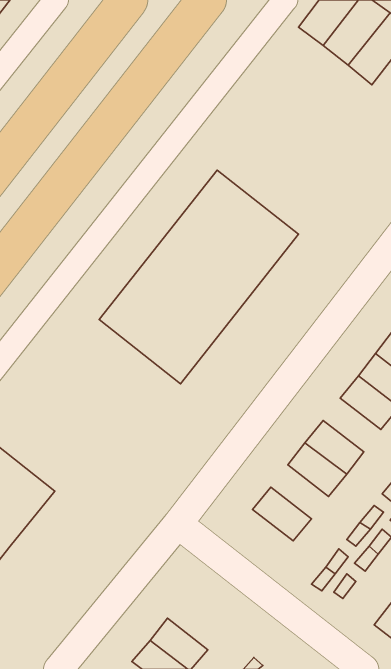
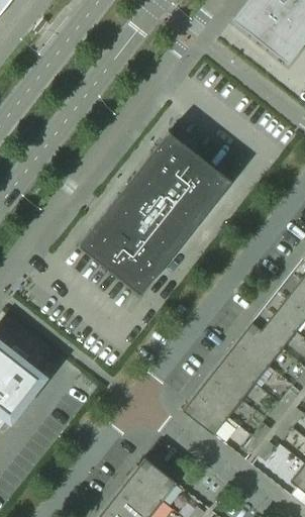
building: none -> [251,307,296,348]
building: none -> [211,358,256,400]
building: none -> [183,393,228,435]
building: none -> [131,458,177,501]

